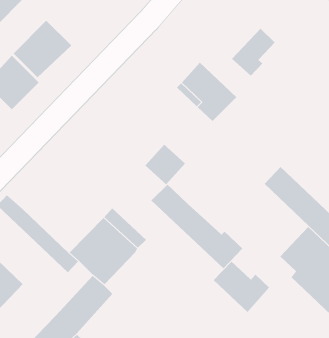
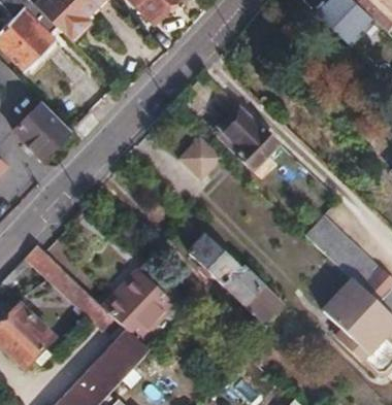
building: [13,20,72,78] -> none
building: [231,28,276,76] -> none
building: [144,144,186,185] -> [178,136,222,179]
building: [213,261,270,313] -> none

